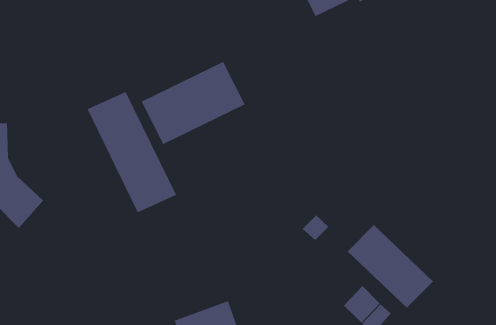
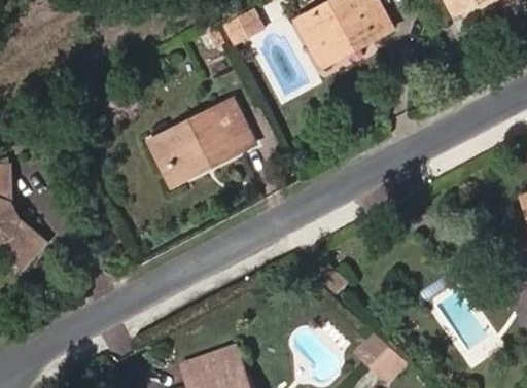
building: [87,91,177,213] -> none
building: [347,224,434,309] -> none

